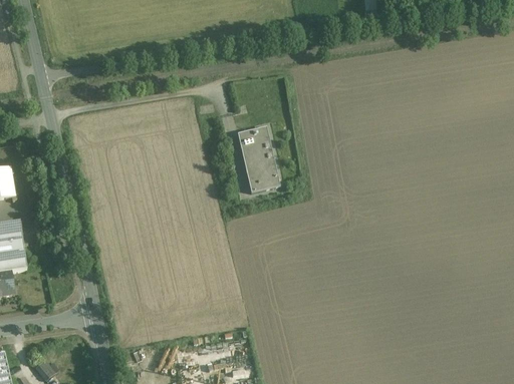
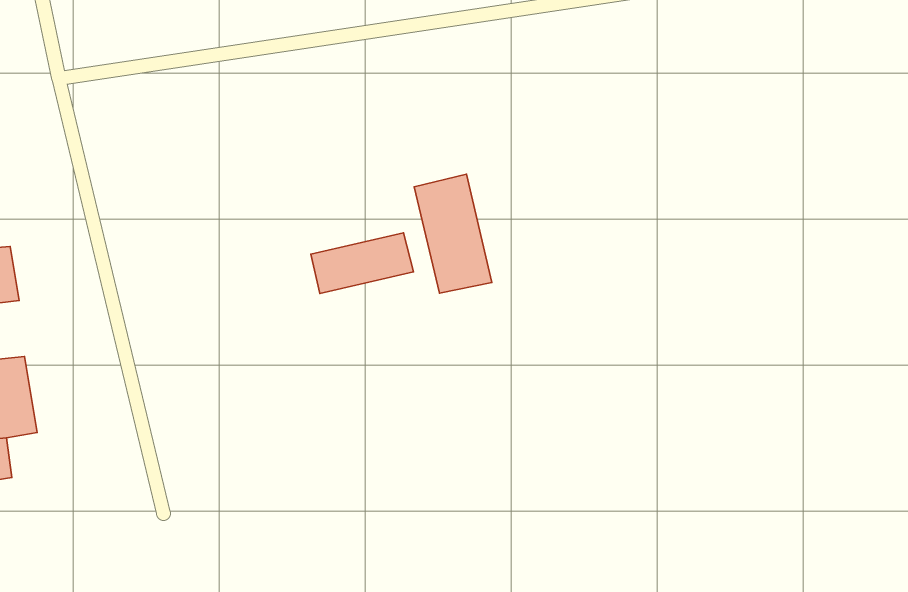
building: none -> [311,233,414,294]

